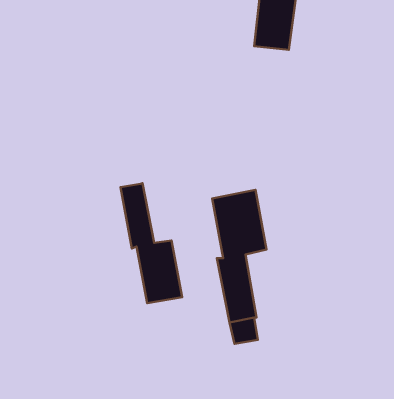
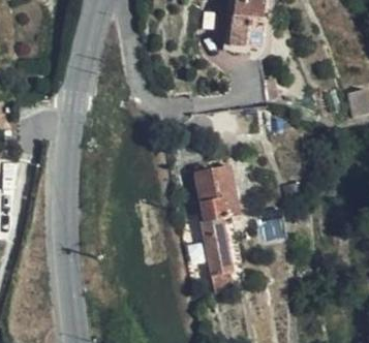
building: [121,183,182,303] -> none

